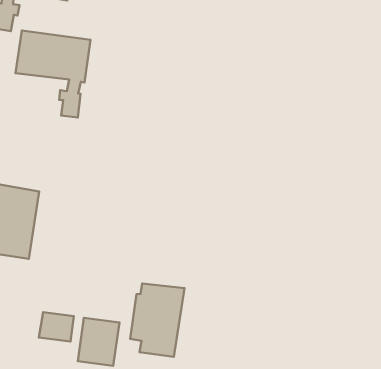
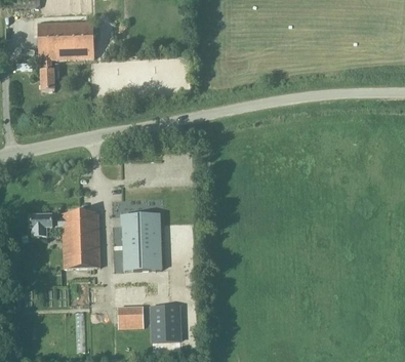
building: [16,31,91,118] -> none
building: [130,284,184,357] -> [123,213,161,270]

